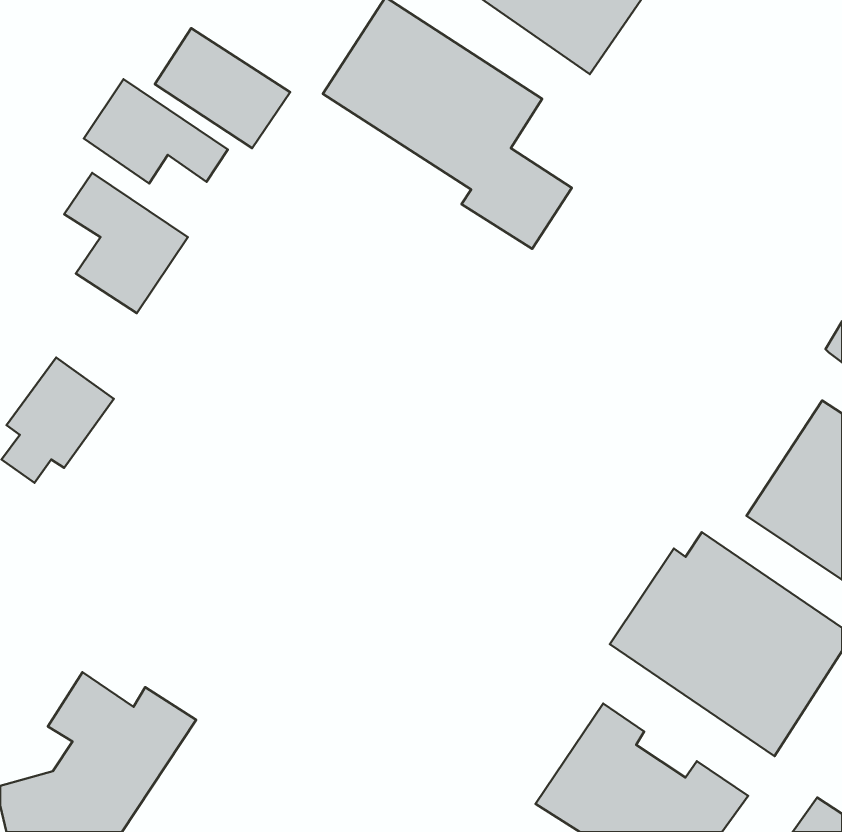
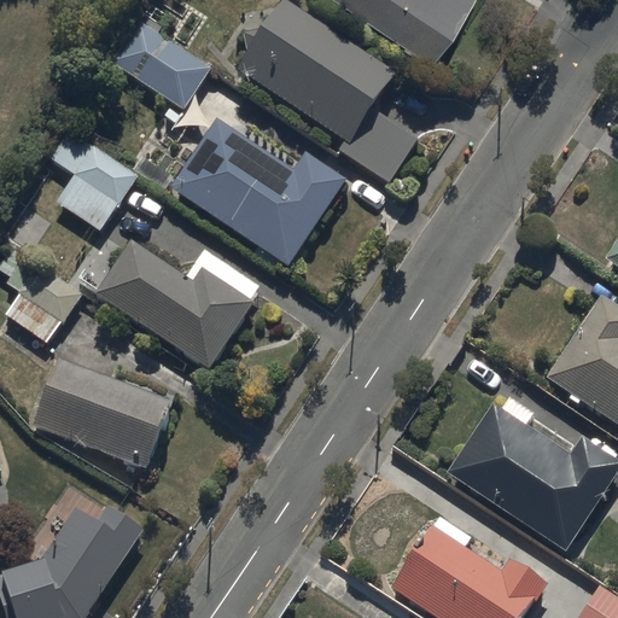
building: [84,79,228,183] -> none
building: none -> [171,117,349,268]
building: none -> [95,239,261,372]
building: none -> [33,357,170,471]

